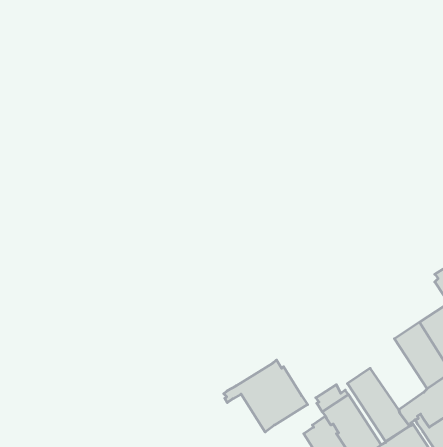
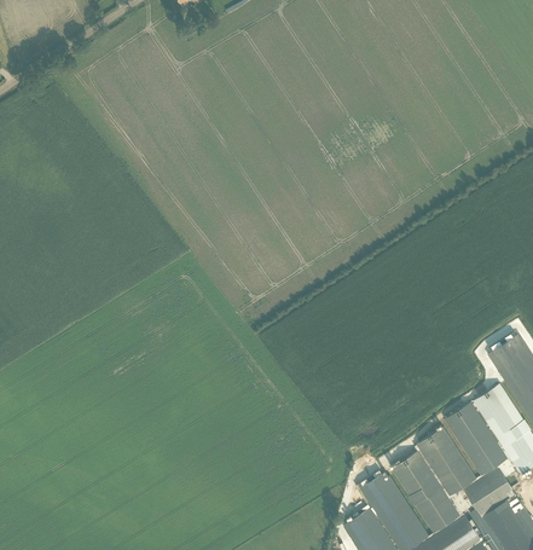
building: none -> [412,427,475,497]
building: [224,360,308,432] -> none

